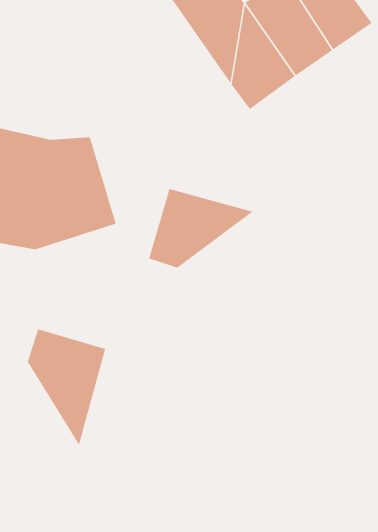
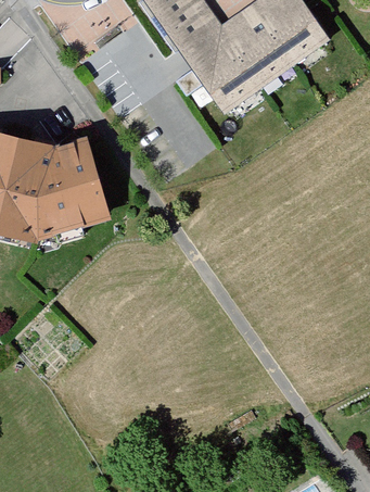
building: [148,188,254,268] -> none
building: [27,328,106,446] -> none

